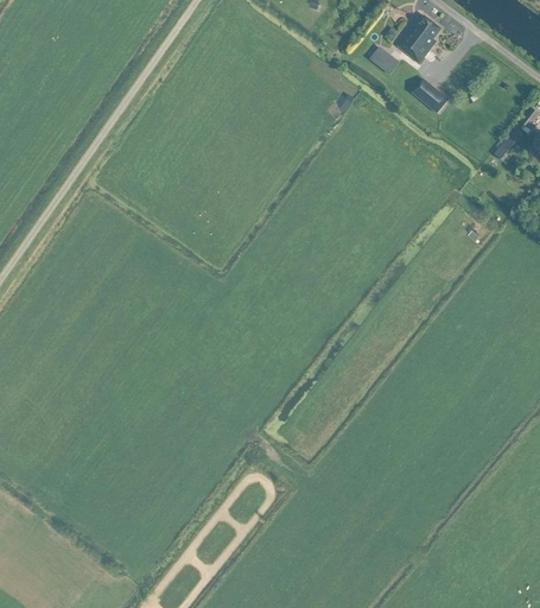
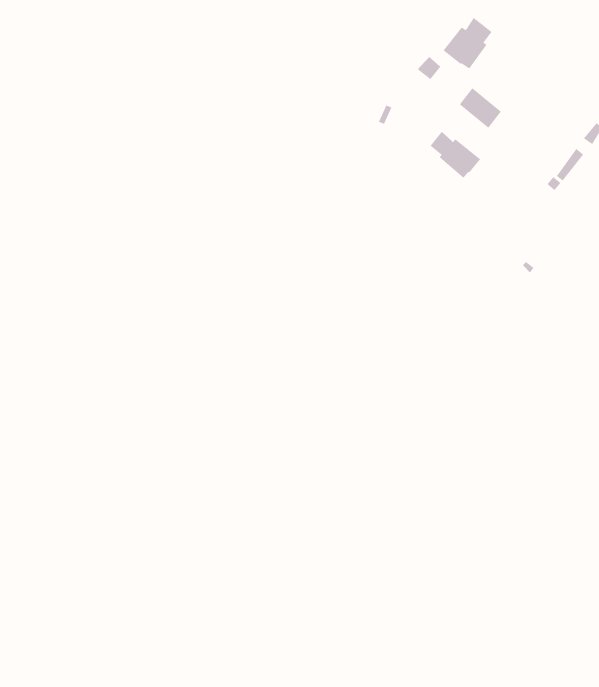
building: none -> [429,131,481,178]

